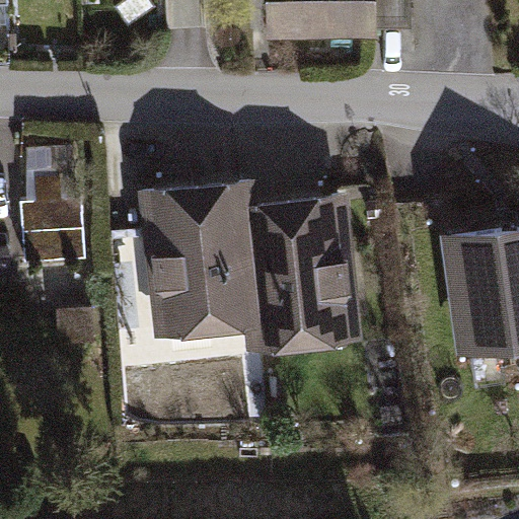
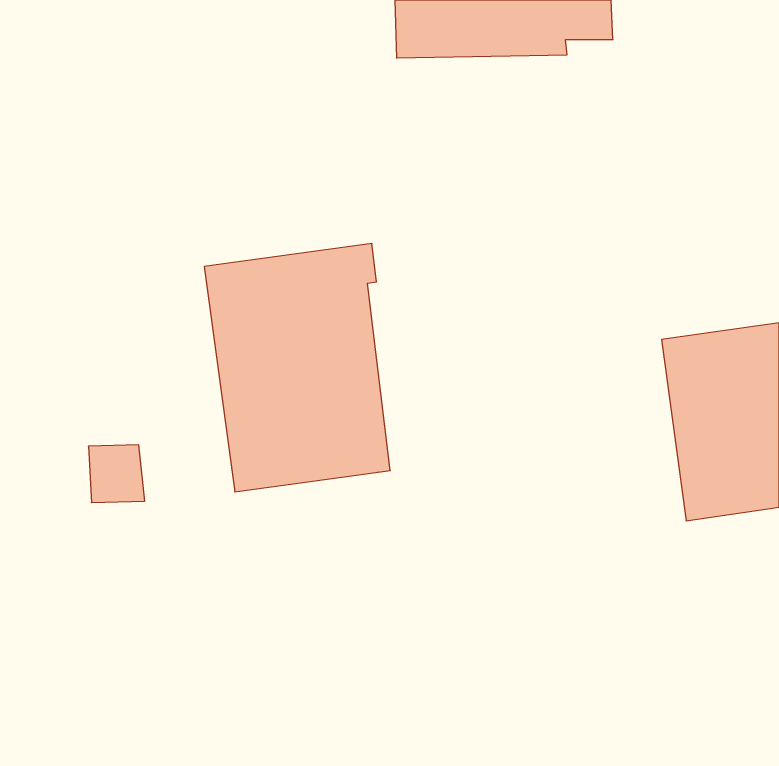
building: [244,186,360,349] -> none
building: [23,198,87,262] -> none

